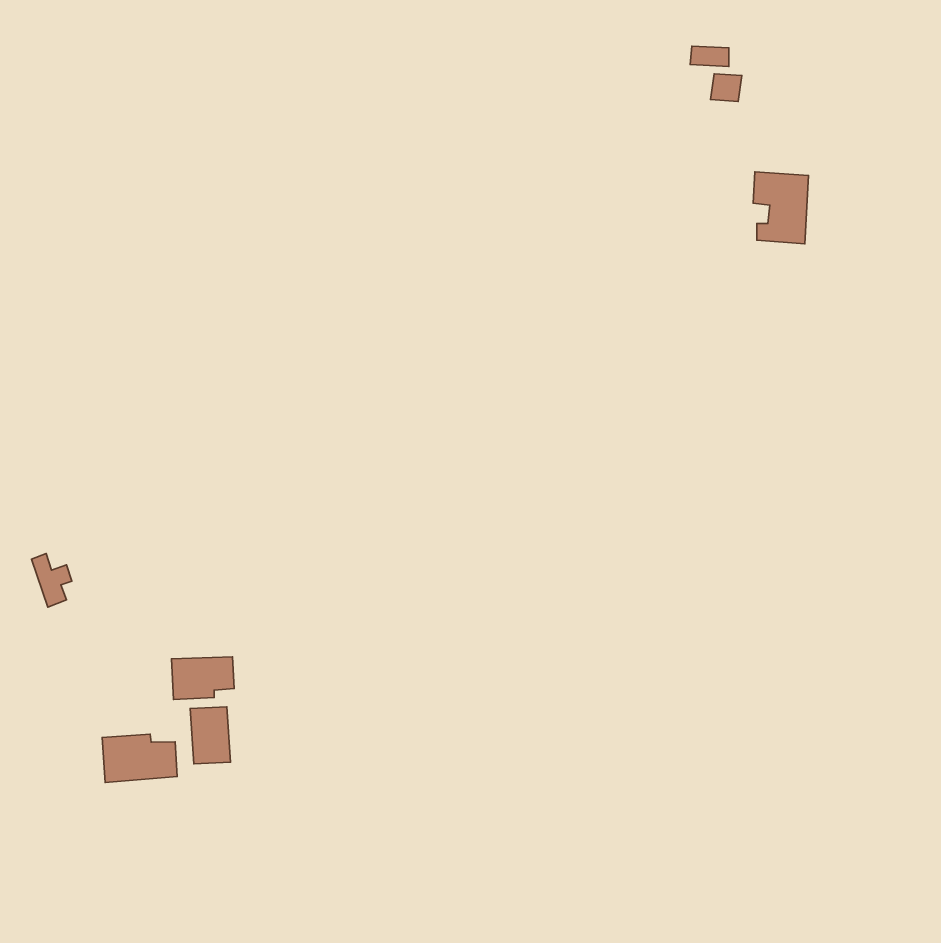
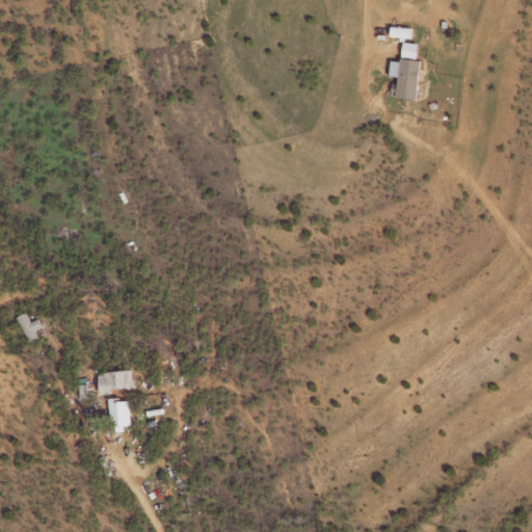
building: [753,172,808,244] -> [388,58,419,99]
building: [102,734,177,782] -> none

